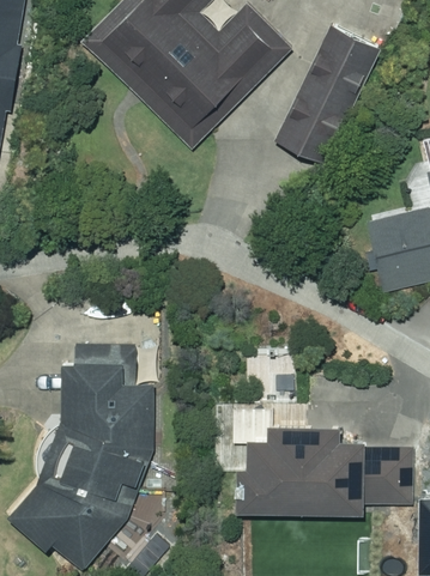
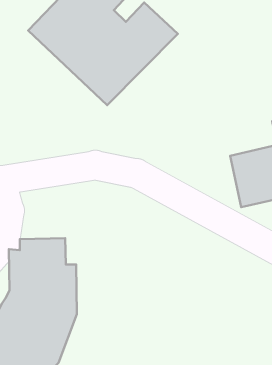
building: [274,26,382,166] -> none
building: [226,420,413,510] -> none

